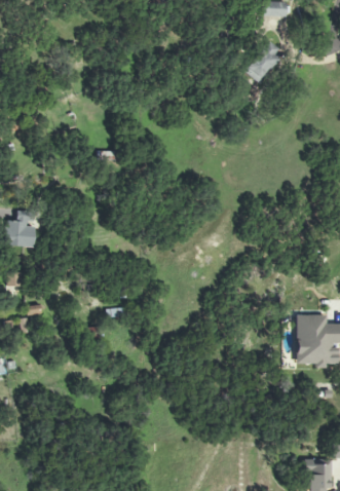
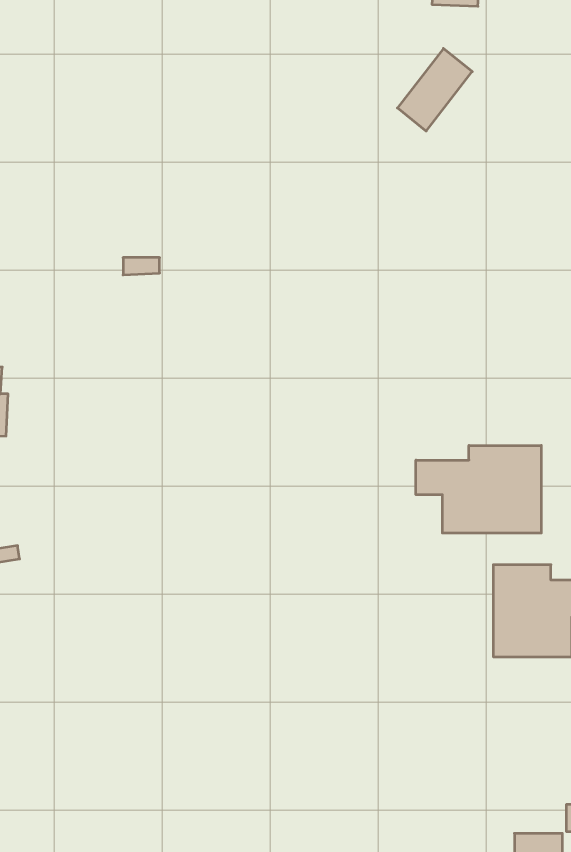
building: none -> [416,445,541,533]

